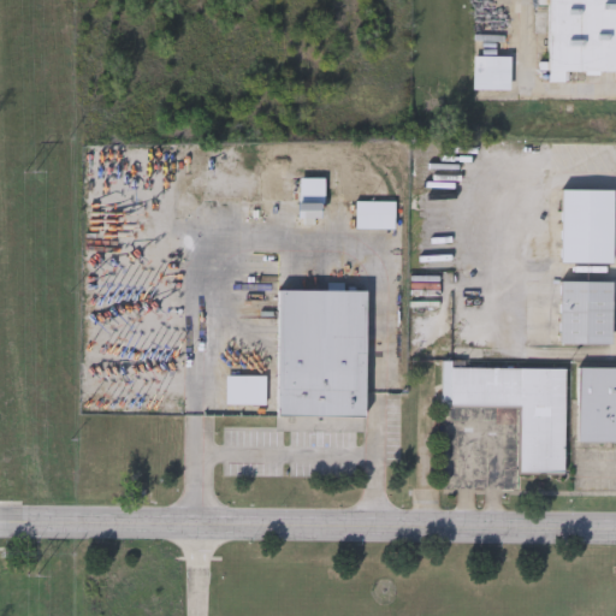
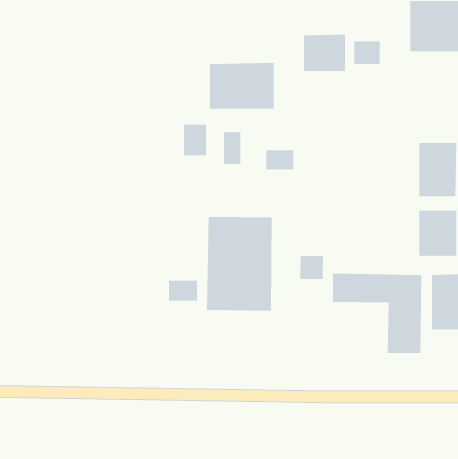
building: none -> [303,34,346,72]
building: none -> [209,62,275,110]
building: none -> [183,124,207,156]
building: none -> [299,255,324,280]

